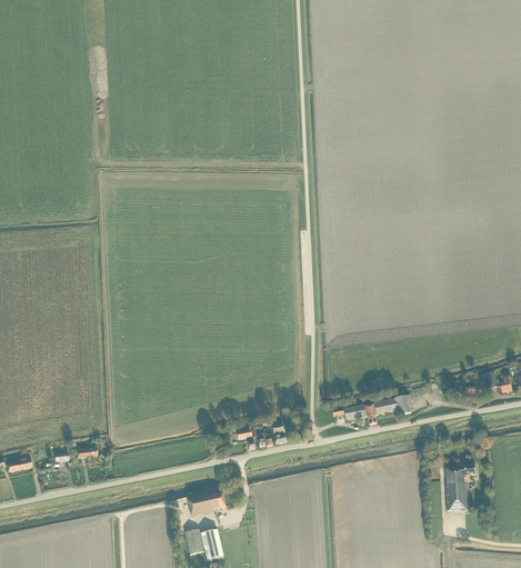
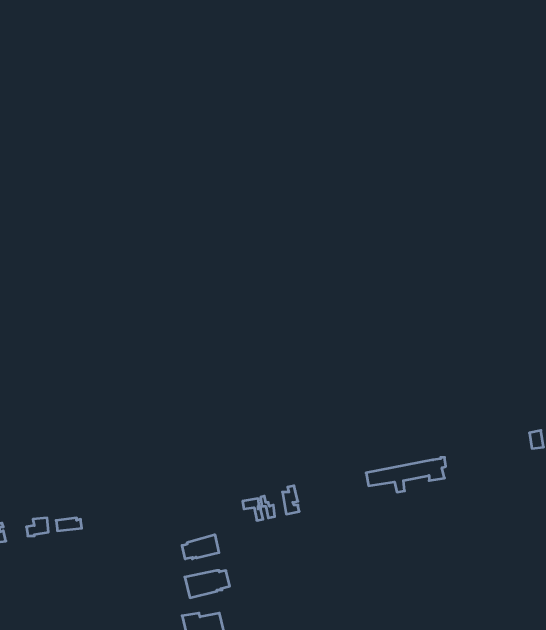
building: none -> [182,535,219,559]
building: [445,466,475,511] -> none

